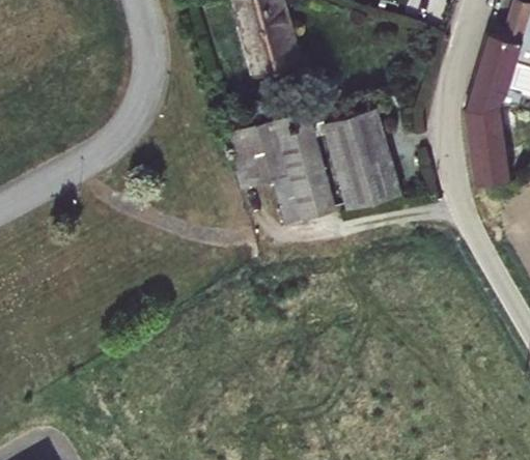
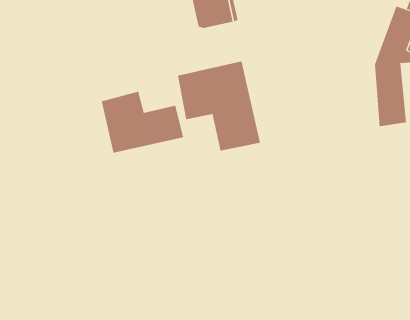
building: [323,110,399,209] -> none
building: none -> [101,91,184,154]

